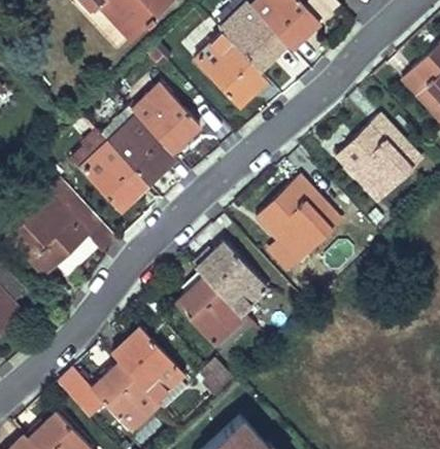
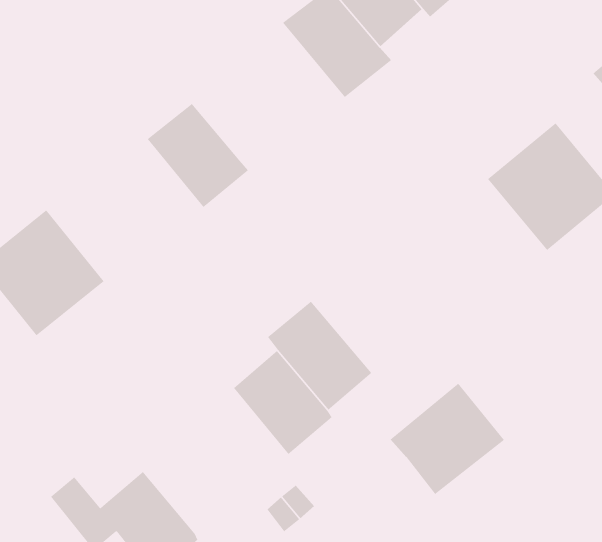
building: [133,83,200,151] -> none
building: [79,141,148,211] -> none
building: [44,178,115,252] -> none
building: [266,185,342,261] -> [390,383,505,495]
building: [111,326,183,401] -> none

